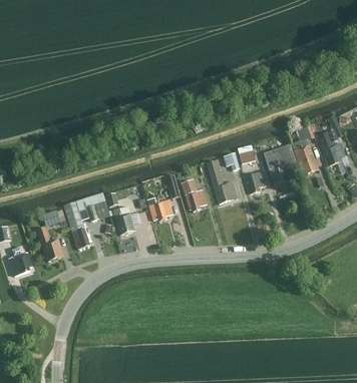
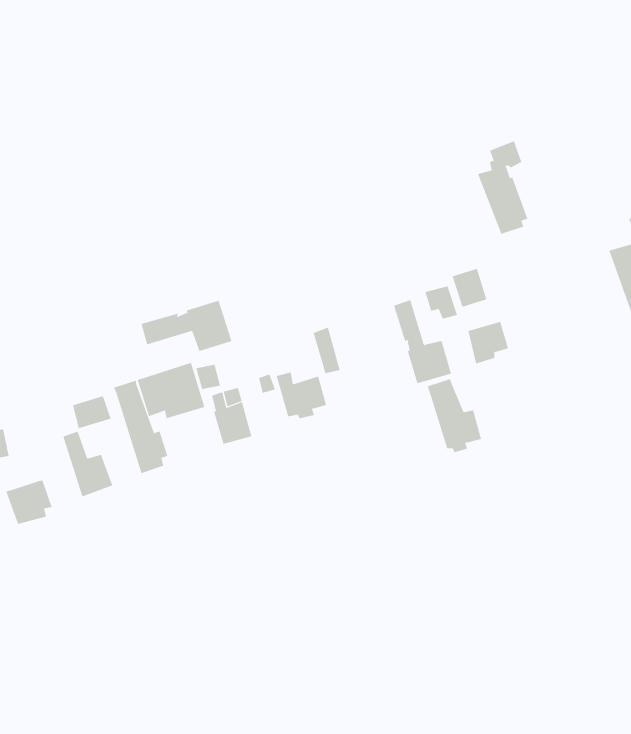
building: [291,125,317,173] -> [477,141,528,235]
building: [266,151,288,183] -> none
building: none -> [141,300,232,352]
building: [178,172,207,211] -> [427,379,482,453]

